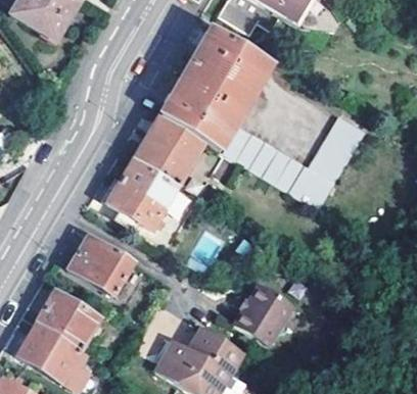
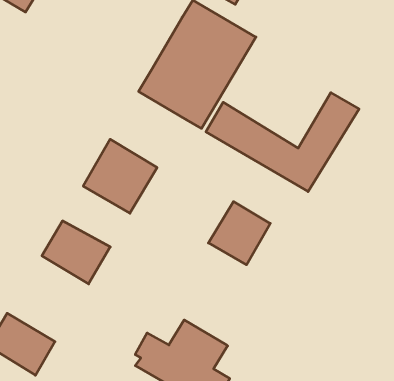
building: [134,114,205,186] -> none
building: [235,287,293,346] -> [208,202,270,265]
building: [37,290,101,349] -> none

